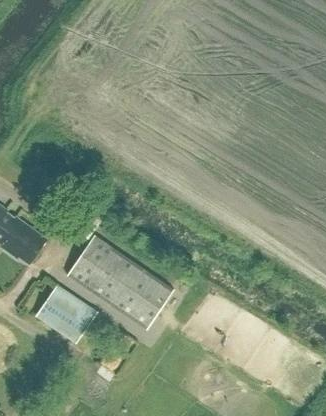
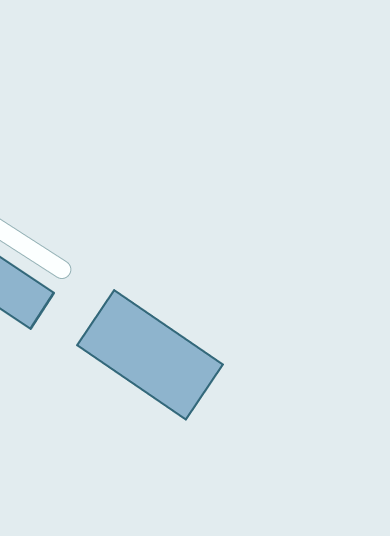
building: [36,284,98,343] -> none

